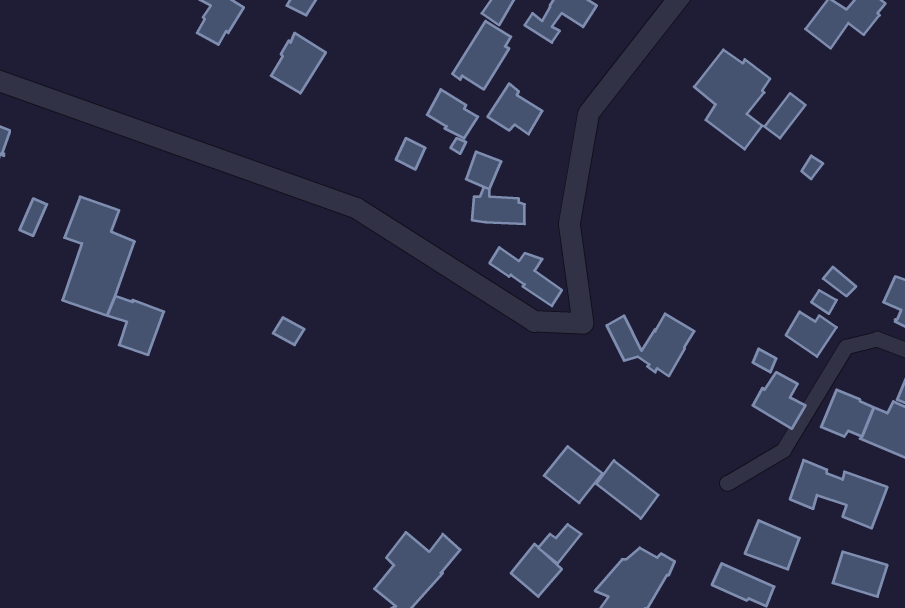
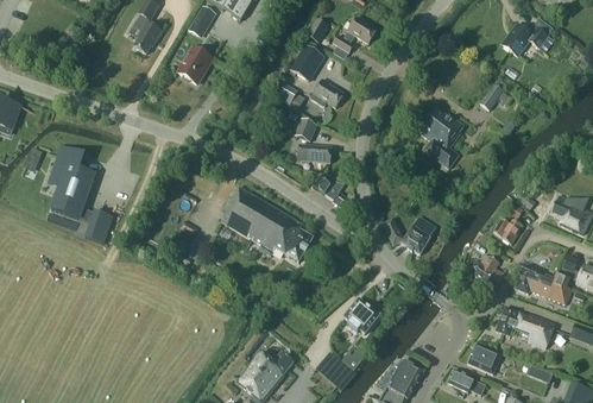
building: [694,50,770,149] -> [419,108,466,169]
building: none -> [221,187,313,263]
building: [596,460,658,519] -> none

